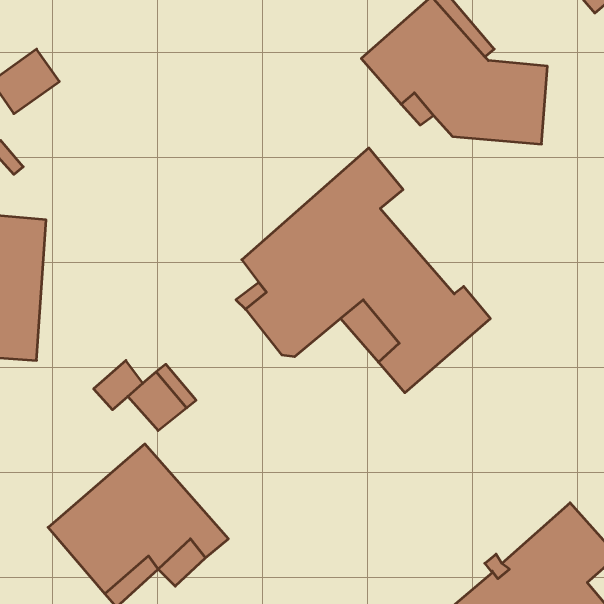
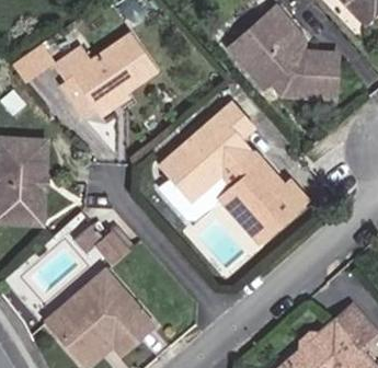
building: none -> [57,33,153,118]

